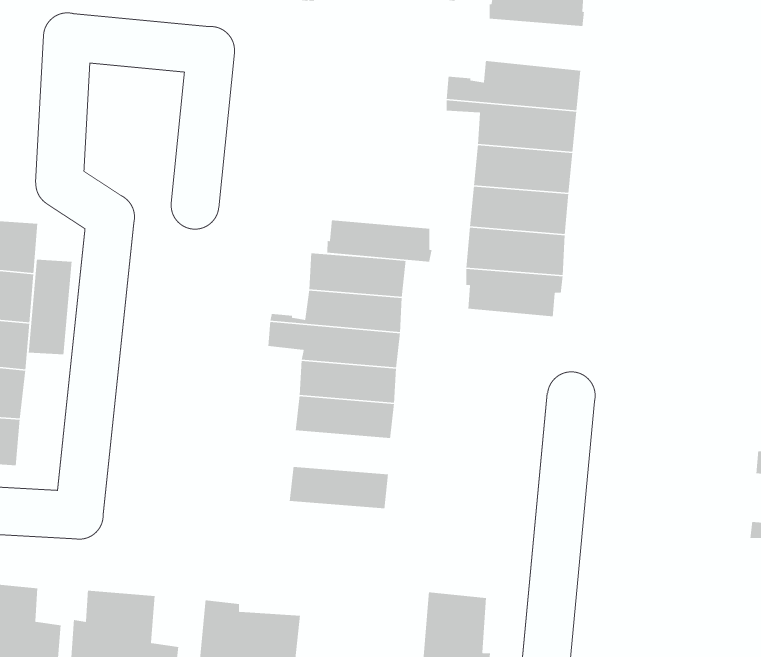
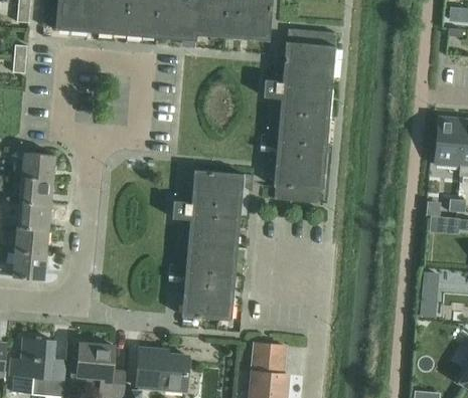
building: none -> [284,50,334,76]
building: [326,219,432,262] -> none
building: [28,259,72,355] -> none
building: none -> [185,261,236,283]
building: none -> [182,297,232,321]

